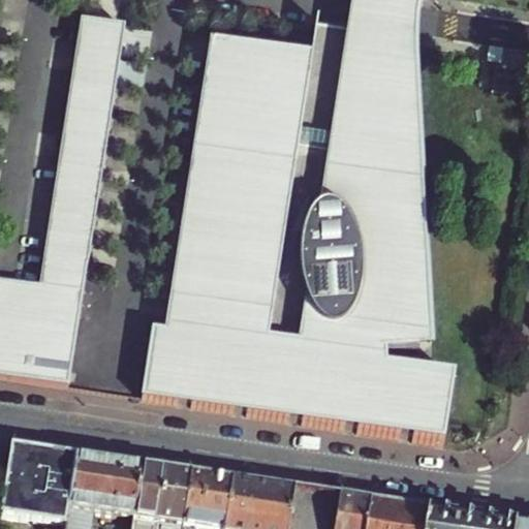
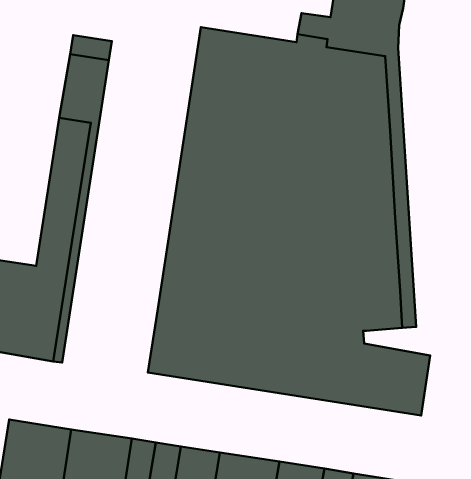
building: [79,12,124,46] -> none
building: [139,321,454,437] -> none

